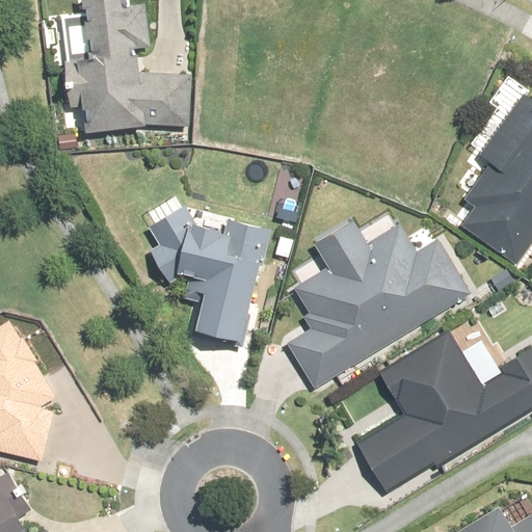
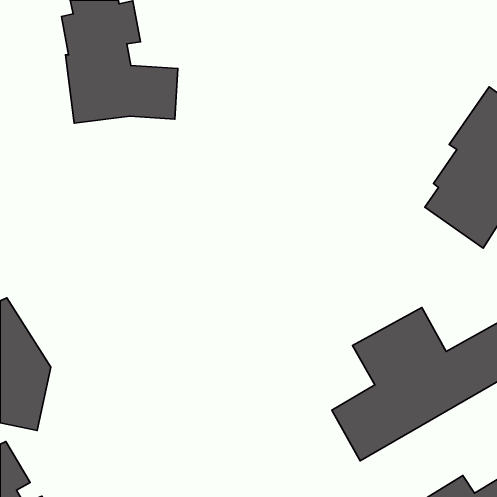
building: [150,200,274,341] -> none
building: [285,218,469,388] -> none

